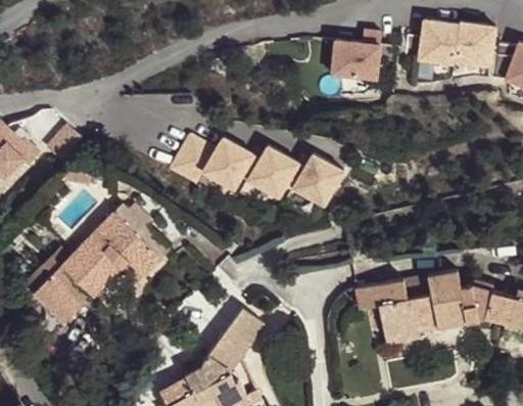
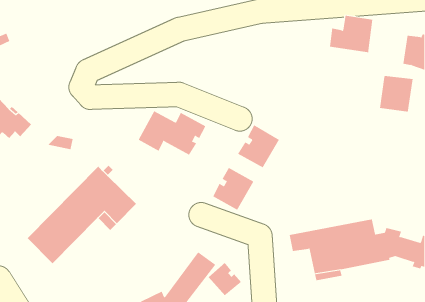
building: [454,24,495,69] -> [379,75,414,112]
building: [332,25,382,75] -> none
building: [248,147,299,200] -> [213,167,254,211]
building: none -> [208,262,242,296]

